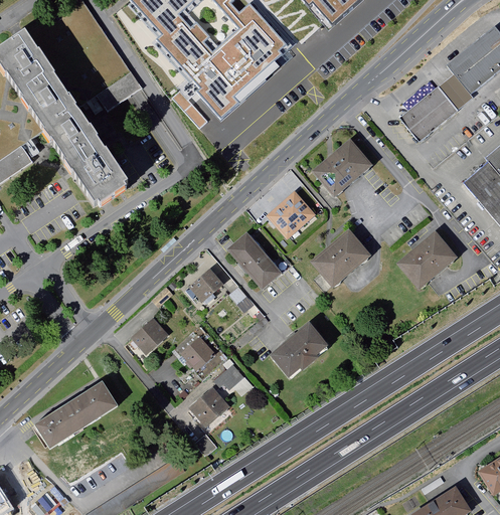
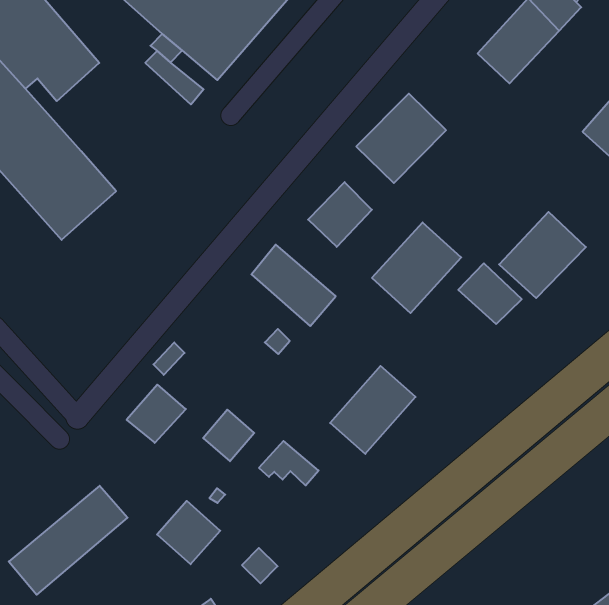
building: none -> [458,263,522,324]
building: [188,272,223,305] -> none
building: [187,385,230,428] -> [157,501,220,564]

